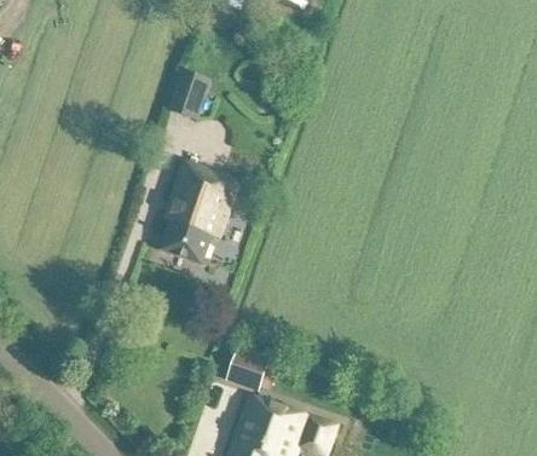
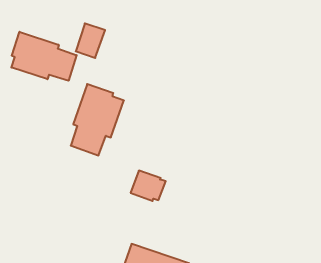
building: none -> [11,32,77,81]
building: [226,346,278,391] -> [131,171,166,201]

